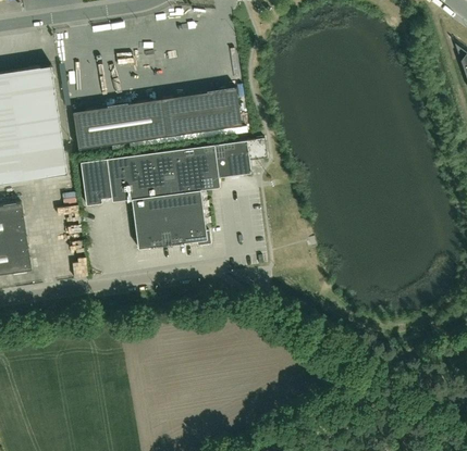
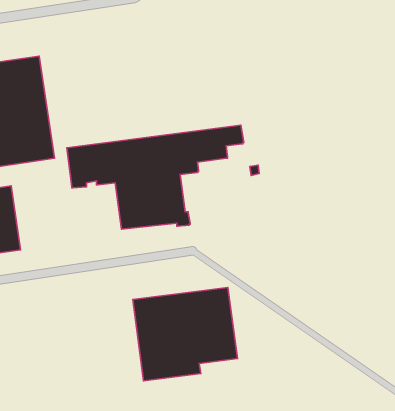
building: [73,87,242,149] -> none
building: none -> [133,287,237,381]

